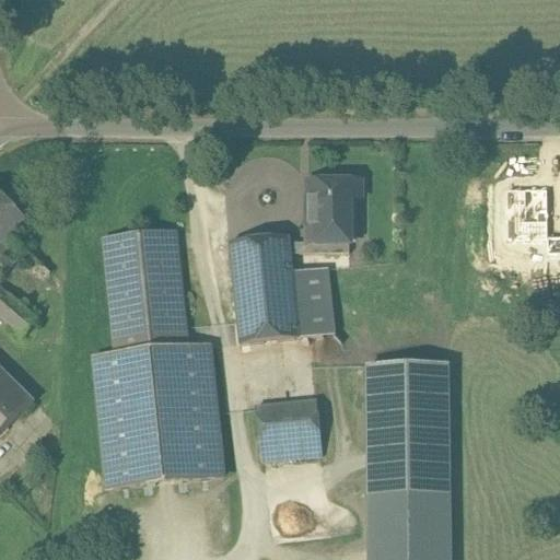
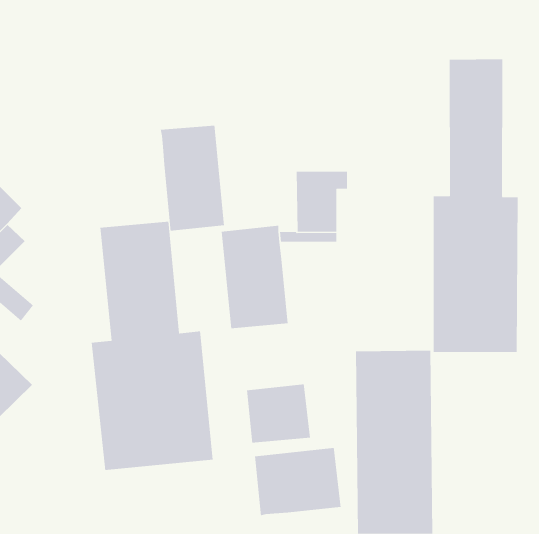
building: none -> [433,58,518,353]
building: none -> [160,125,224,231]
building: [292,265,335,335] -> none
building: none -> [255,447,341,516]

